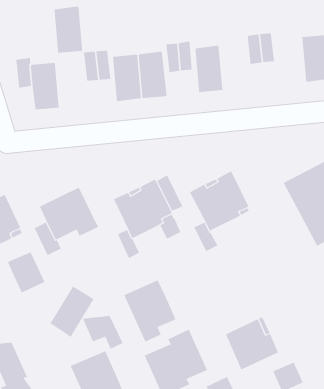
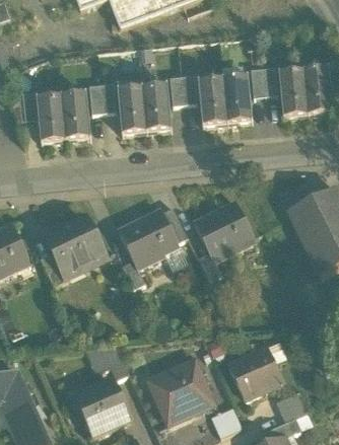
building: [53,6,83,54] -> [62,92,91,140]
building: none -> [279,70,309,118]
building: none -> [223,75,253,124]
building: [7,251,46,293] -> none
building: [124,279,176,343] -> none
building: [49,285,94,337] -> none

